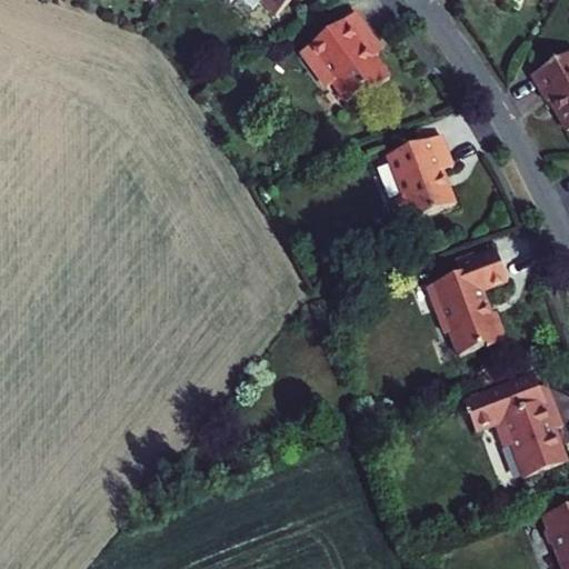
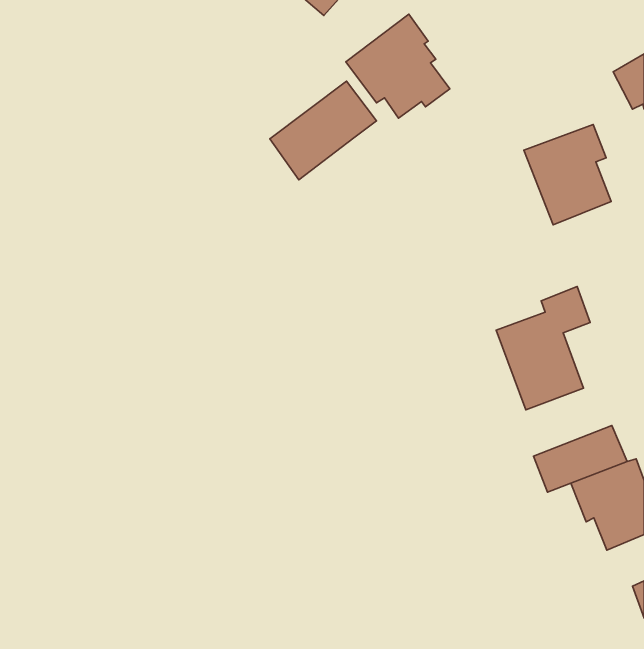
building: none -> [270,81,376,180]
building: [383,132,459,219] -> [524,124,611,225]

